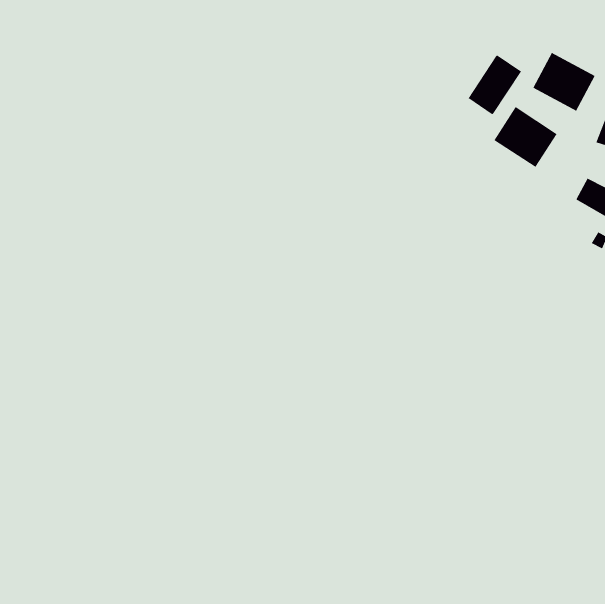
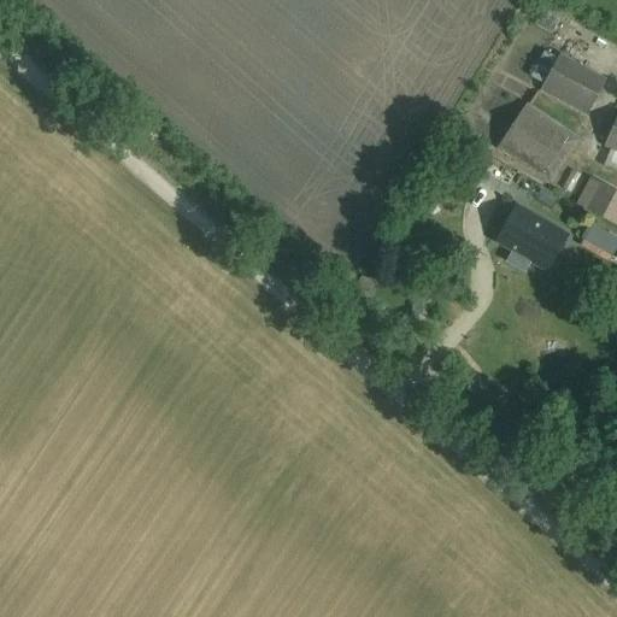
building: [468,54,522,115] -> none
building: none -> [498,205,568,269]

